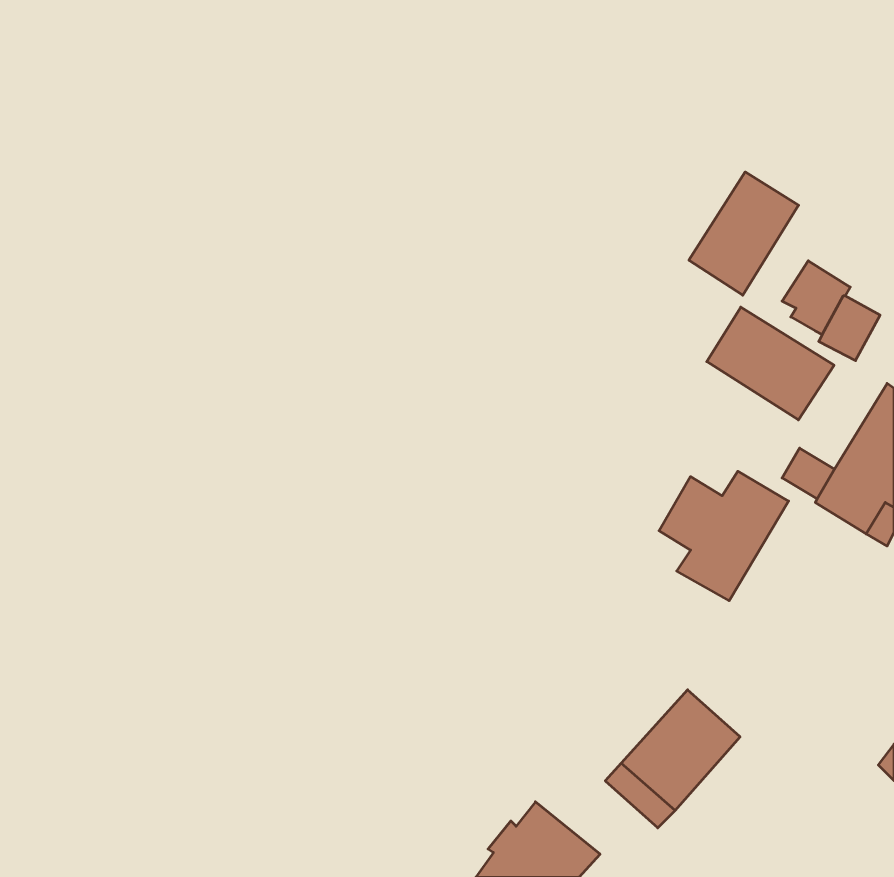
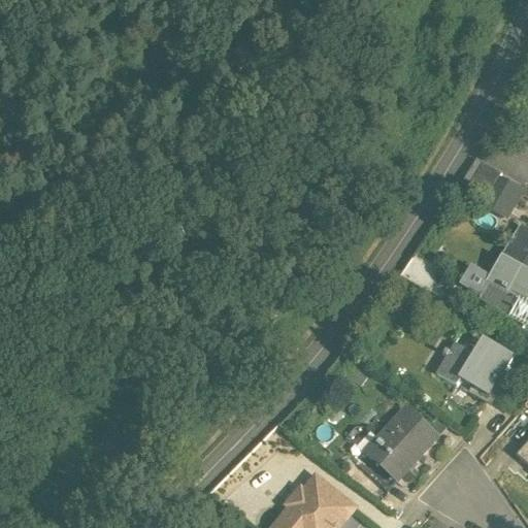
building: [689,172,799,295] -> none
building: [707,307,834,420] -> none
building: [659,471,789,601] -> [437,336,514,412]

